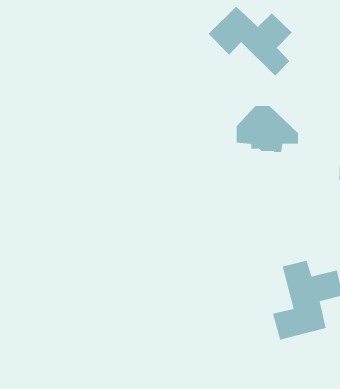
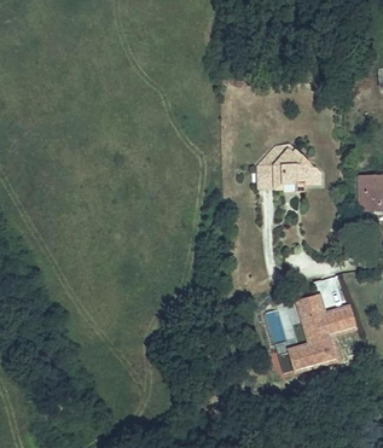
building: [208,6,292,77] -> none

